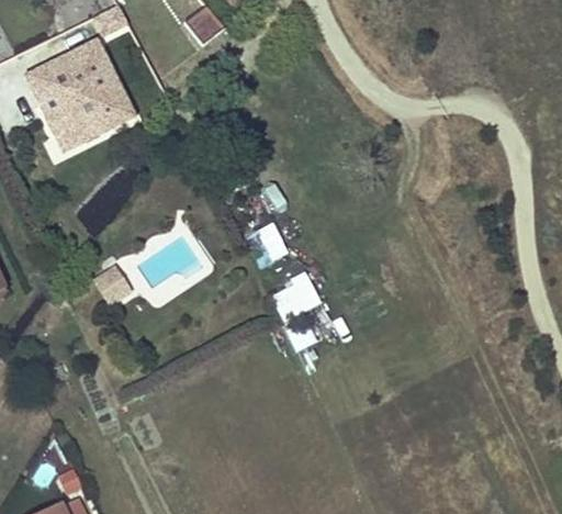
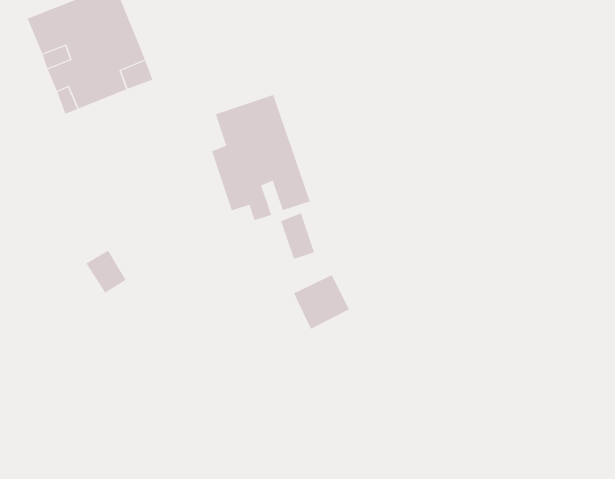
building: none -> [211,94,310,221]

